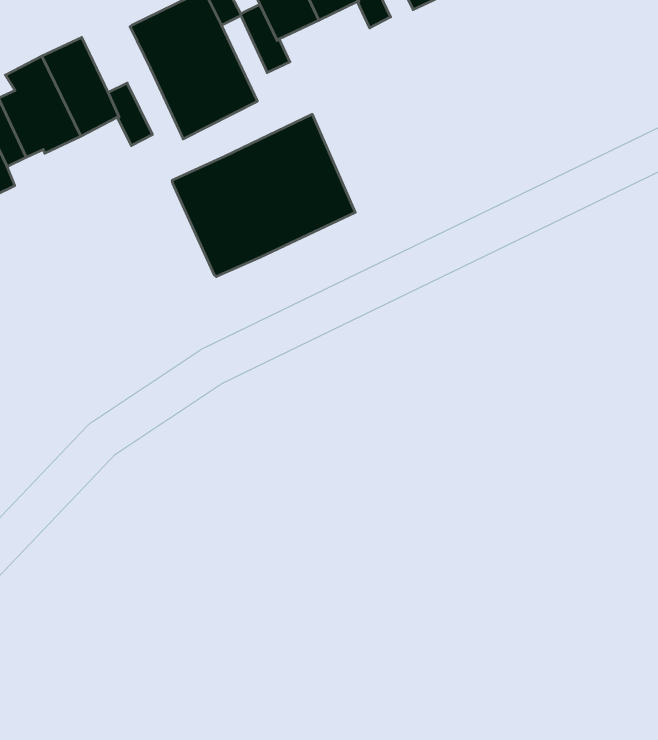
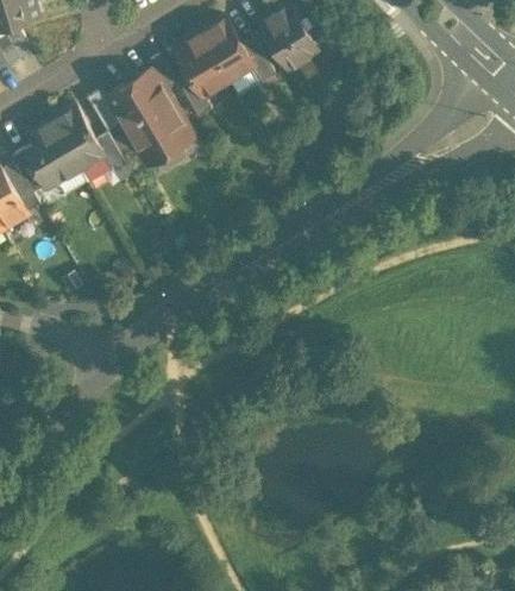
building: none -> [88,89,123,132]
building: [172,114,355,277] -> none

